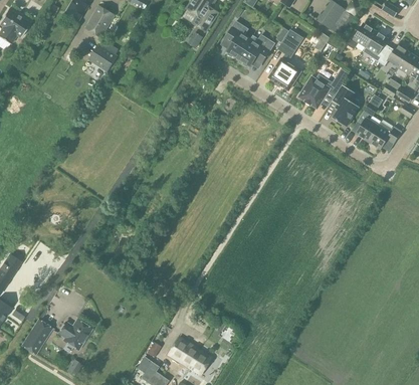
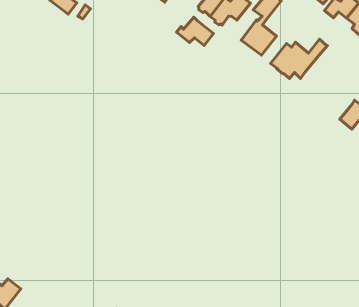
building: none -> [177,17,214,45]
building: [327,83,361,127] -> none
building: [357,103,379,141] -> none

